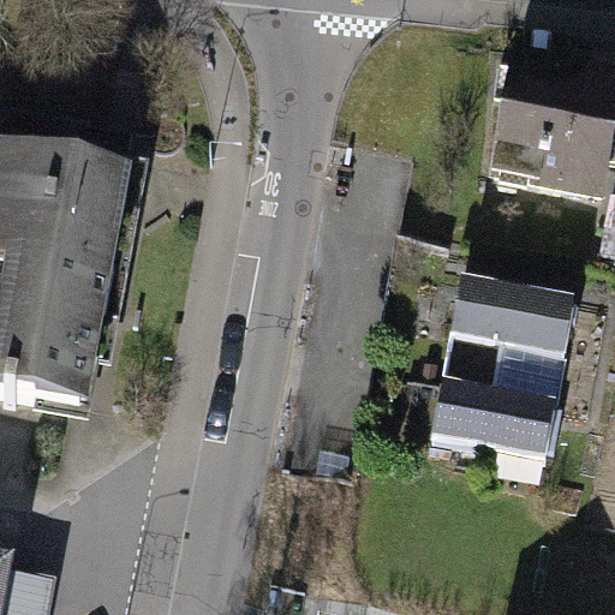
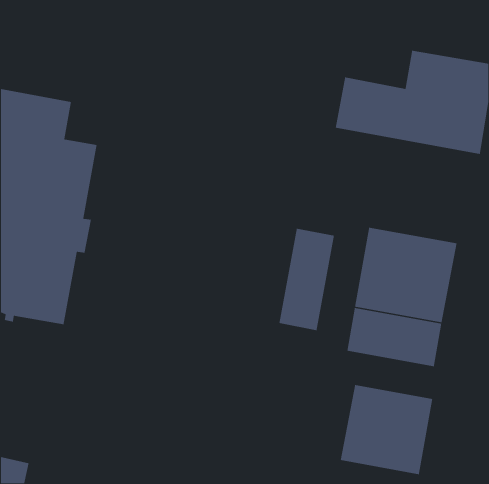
building: none -> [279,228,335,331]
building: none -> [340,384,433,475]

